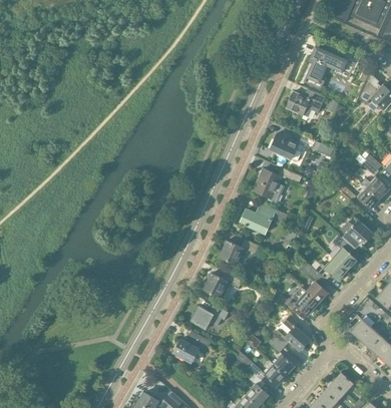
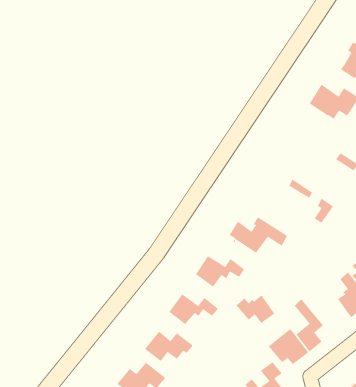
building: [271,133,302,161] -> none
building: [255,169,285,203] -> none
building: [316,258,348,281] -> [236,294,275,324]

